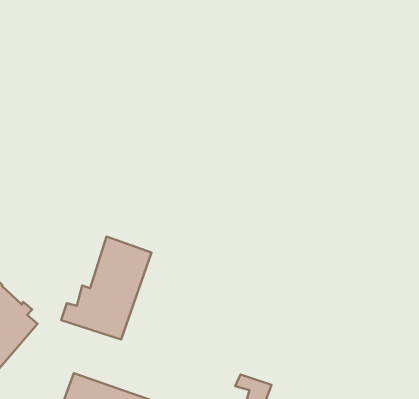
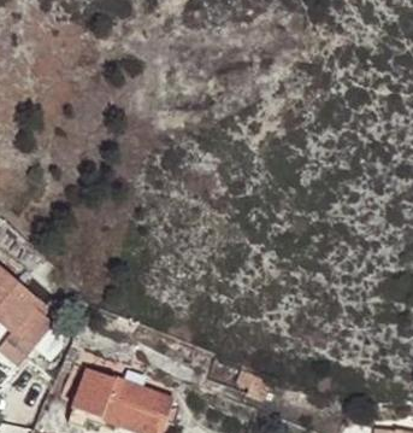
building: [61,236,151,340] -> none

